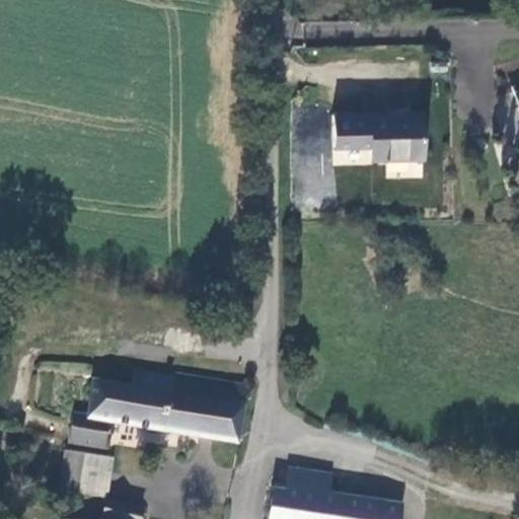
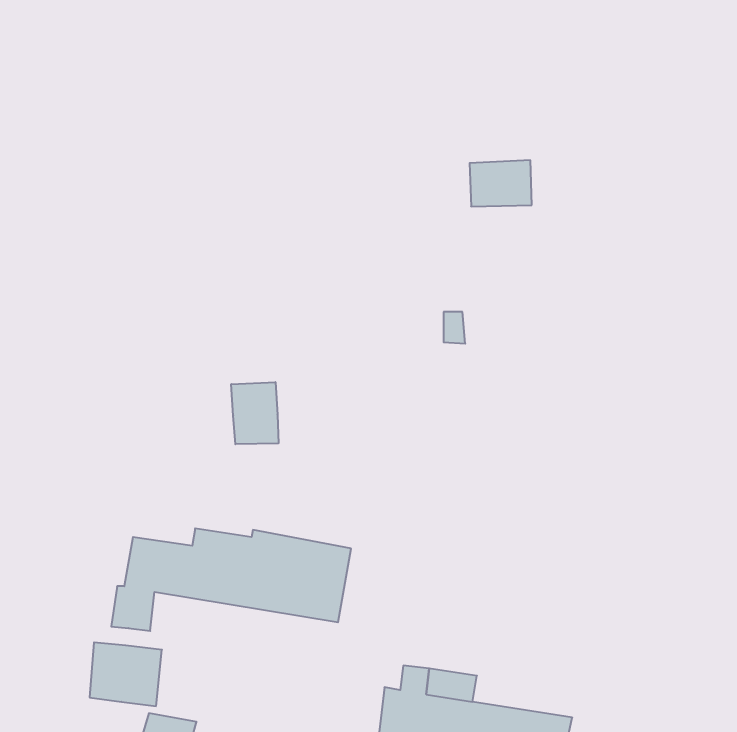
building: [373,116,425,161] -> none
building: none -> [231,382,278,444]

